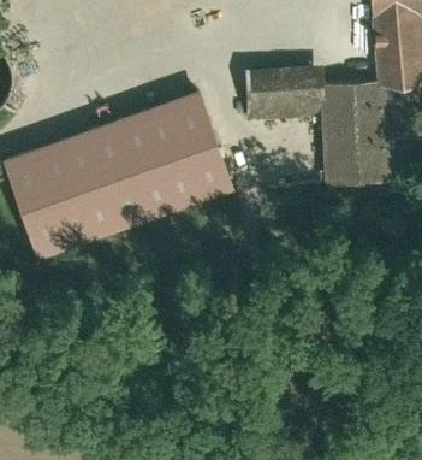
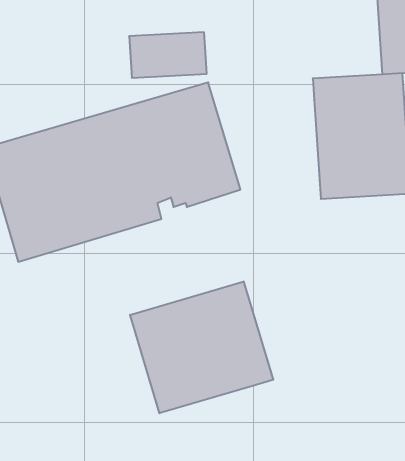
building: [245,70,315,111] -> [129,32,207,78]
building: none -> [130,281,273,413]

